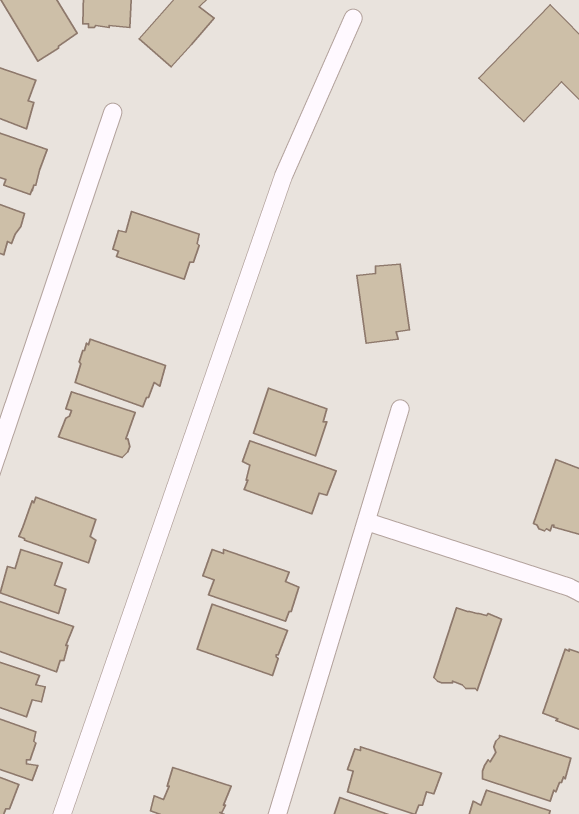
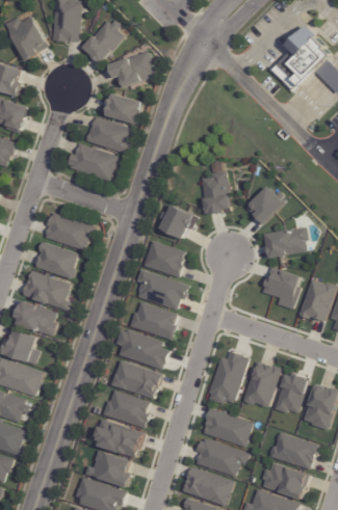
building: none -> [107,51,152,87]
building: none -> [103,92,138,124]
building: none -> [82,115,128,153]
building: none -> [246,186,284,224]
building: none -> [159,205,198,239]
building: none -> [265,226,308,258]
building: none -> [262,267,301,310]
building: none -> [23,271,70,310]
building: none -> [129,301,177,340]
building: none -> [209,351,248,404]
building: none -> [274,372,309,413]
building: none -> [104,391,150,427]
building: none -> [204,408,252,447]
building: none -> [94,420,144,457]

